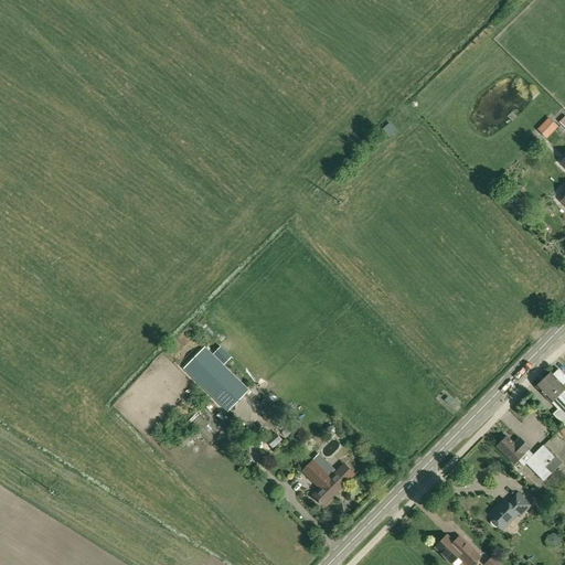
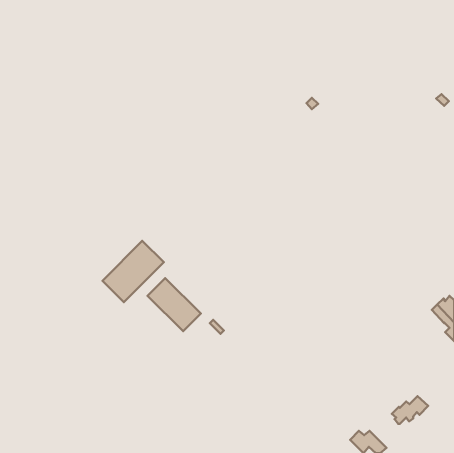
building: none -> [102,241,164,302]
building: [497,435,555,480] -> none
building: [302,460,354,505] -> none

